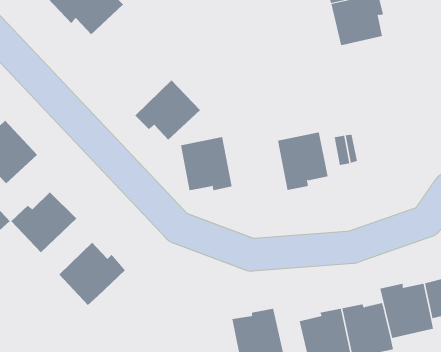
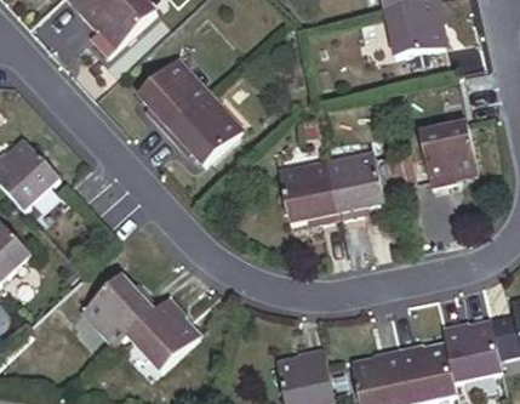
building: none -> [139,57,208,133]
building: none -> [418,120,478,186]
building: [180,136,233,191] -> [279,161,337,222]
building: [10,191,77,253] -> none
building: none -> [127,295,199,369]

